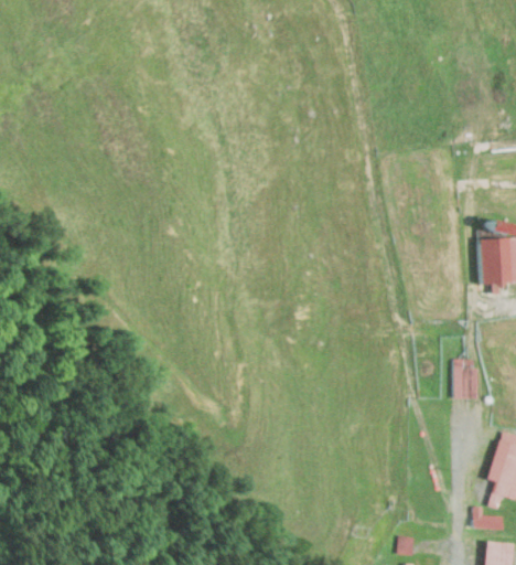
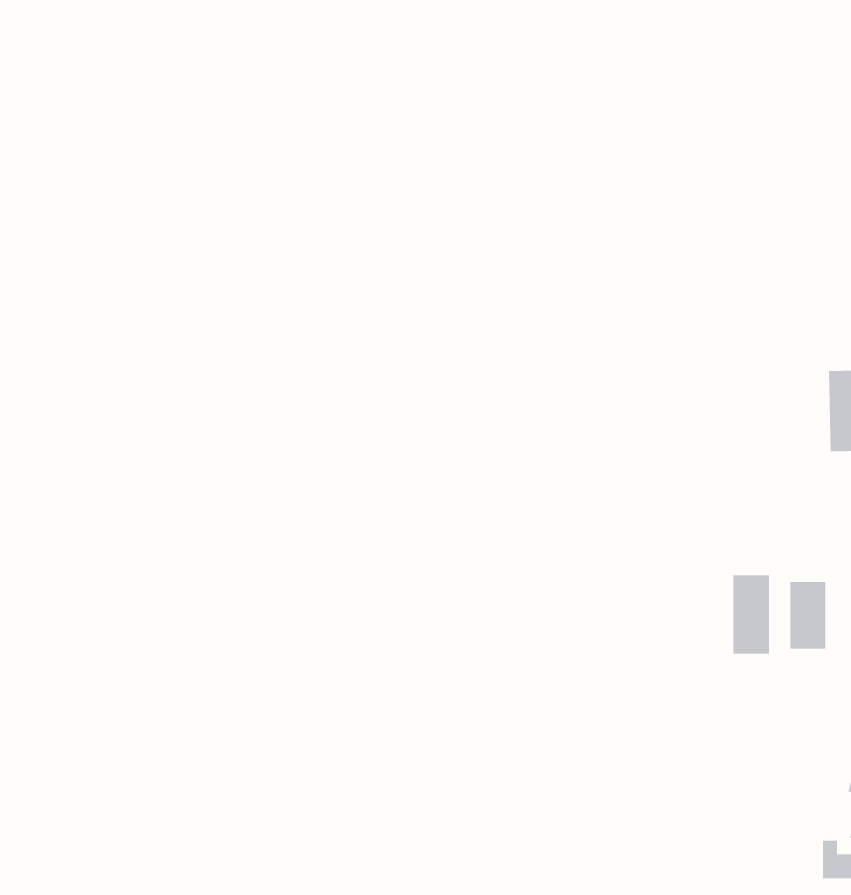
building: none -> [733,575,770,654]

